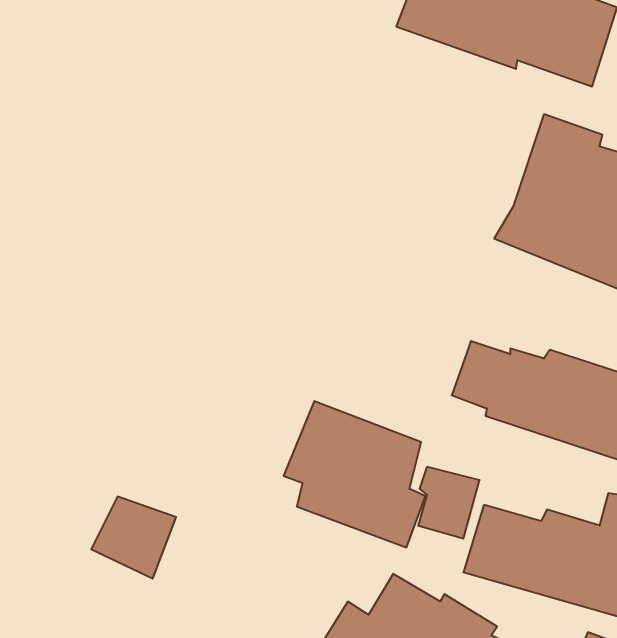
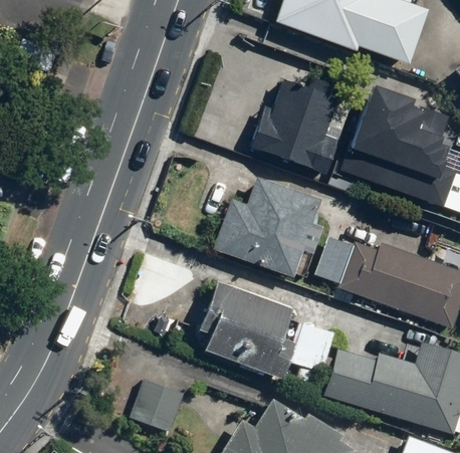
building: none -> [254,76,350,173]
building: none -> [215,177,322,277]
building: [91,497,176,579] -> [125,381,183,437]

